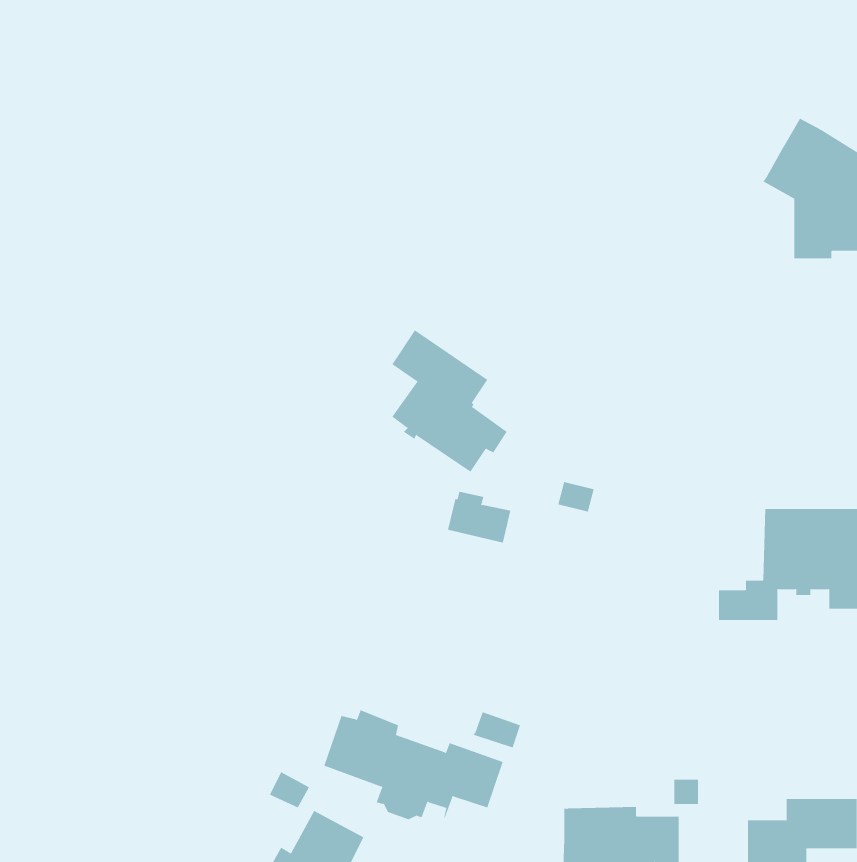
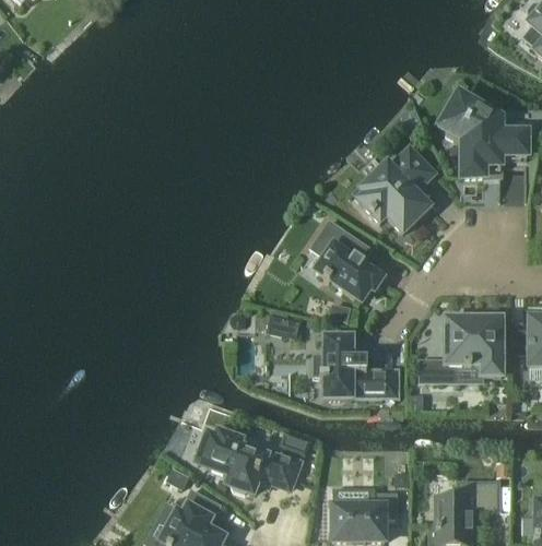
building: none -> [355,147,434,230]
building: [391,329,508,473] -> [317,219,382,300]
building: none -> [314,335,399,397]

